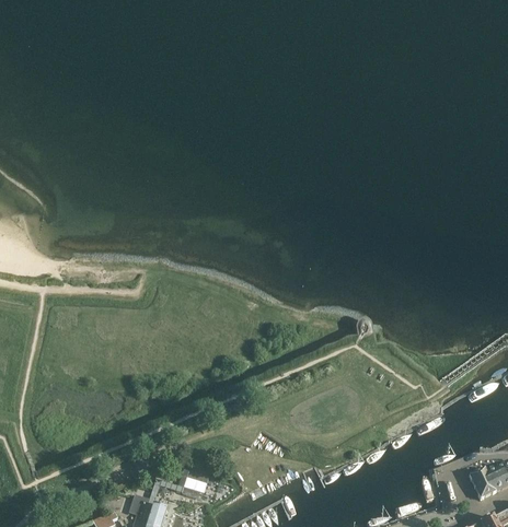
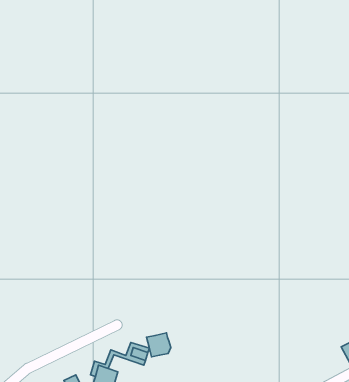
building: none -> [147,333,171,357]

